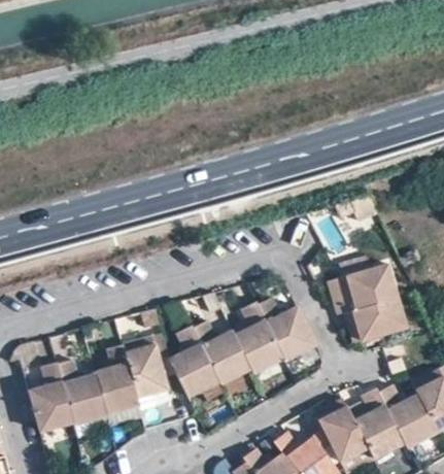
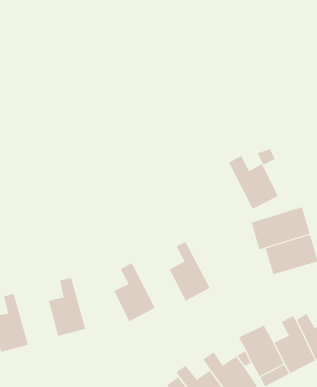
building: [257,298,315,361] -> [228,155,279,210]
building: [194,324,251,383] -> none
building: [123,338,167,398] -> none
building: [57,362,107,427] -> none

